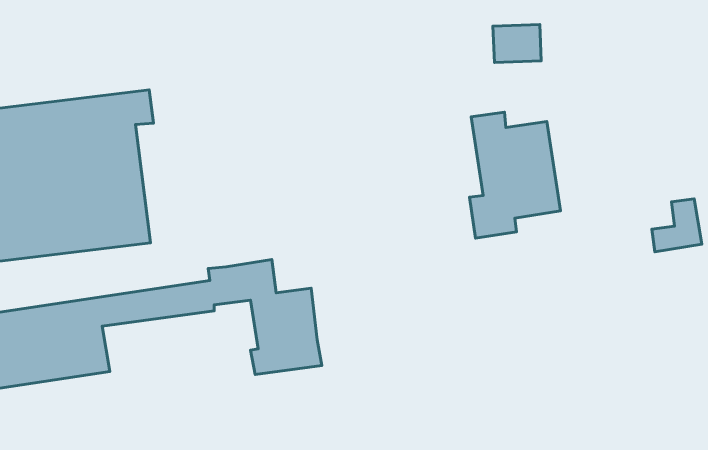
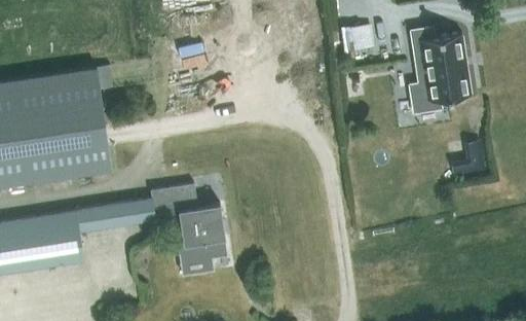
building: [470,112,560,238] -> [409,30,471,115]

